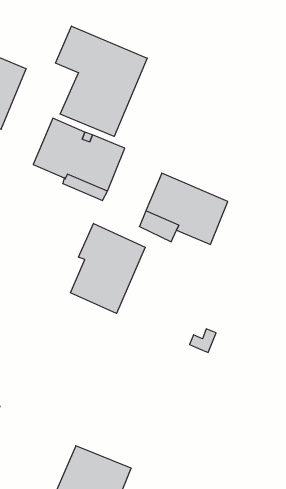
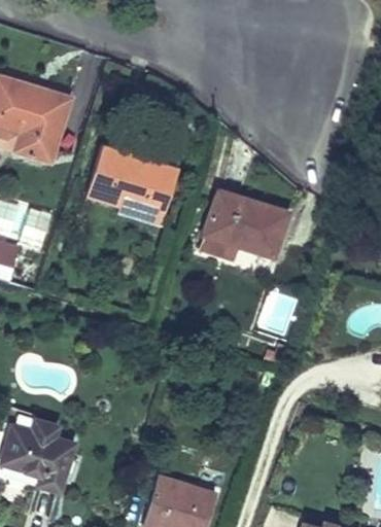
building: [55,26,147,136] -> none
building: [70,223,145,313] -> none

